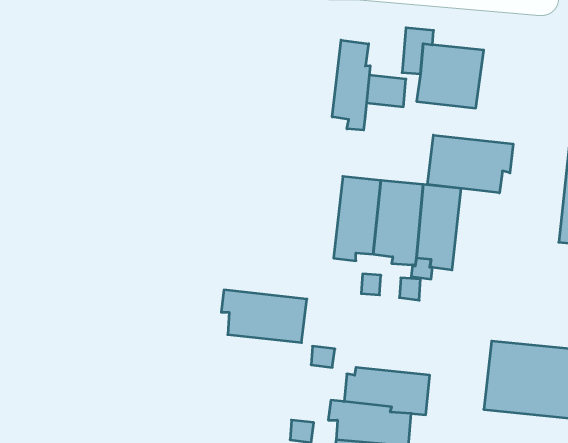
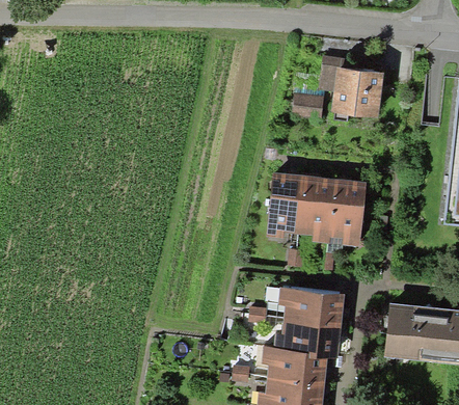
building: [332,40,370,130] -> none
building: [428,135,513,193] -> none
building: [221,290,307,343] -> [278,288,346,329]

